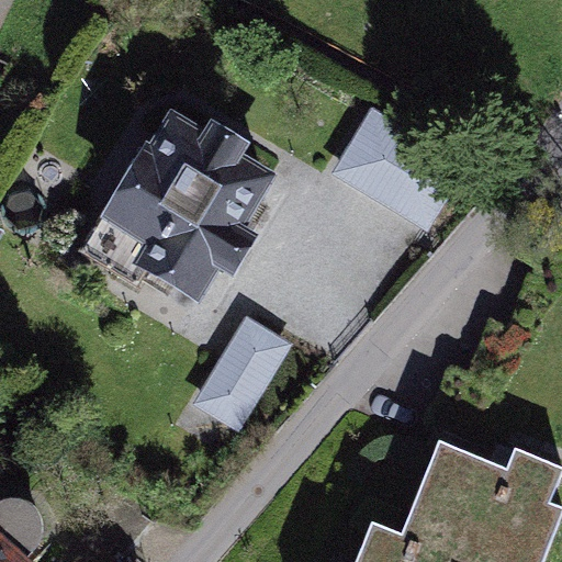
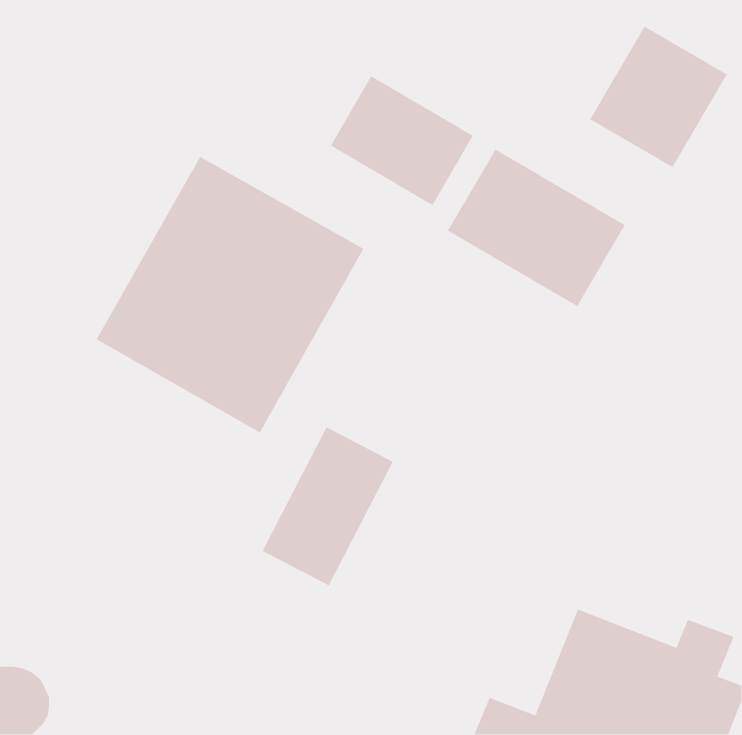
building: none -> [589,25,728,168]
building: none -> [330,75,474,206]

